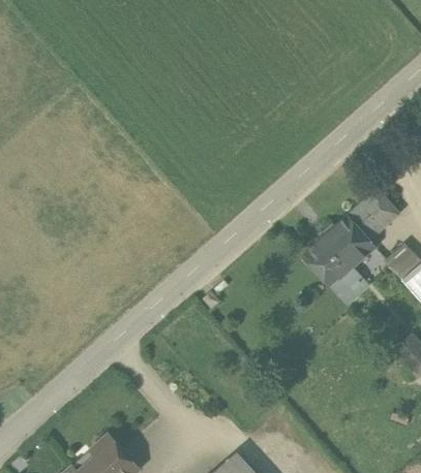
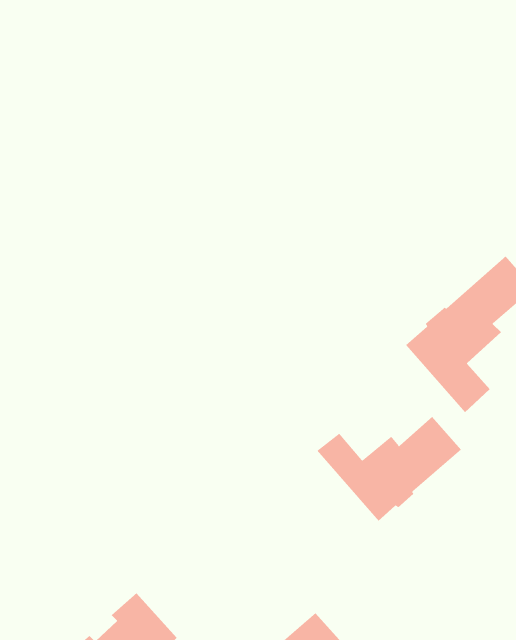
building: none -> [317,416,462,521]

